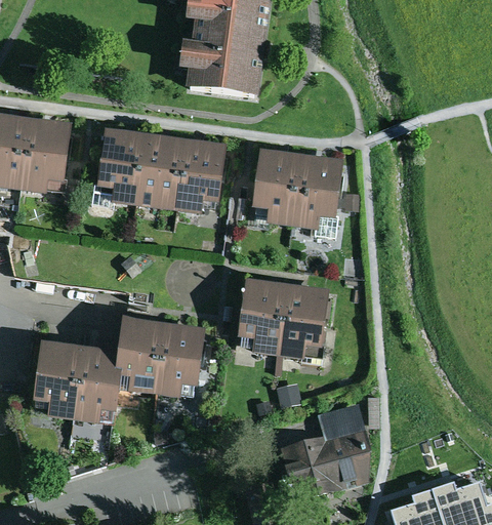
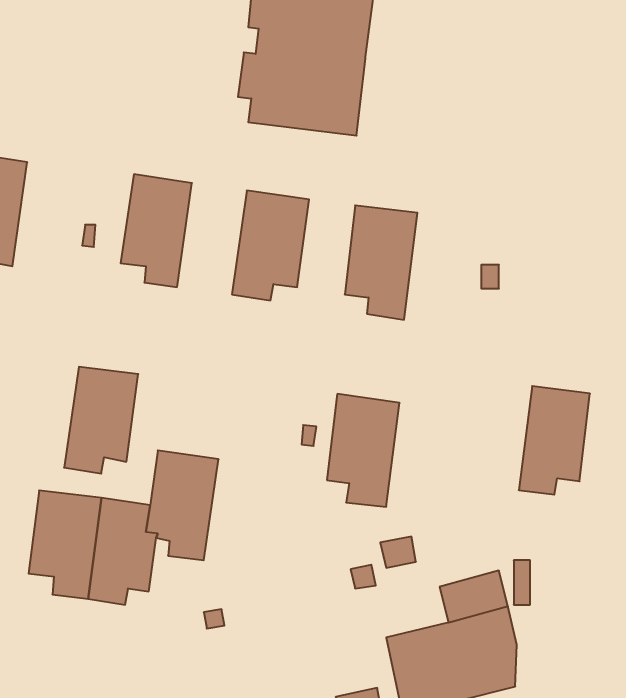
building: [22,118,73,193] -> none
building: [135,132,183,209] -> none
building: [292,153,343,230] -> none
building: [280,284,329,359] -> [519,386,590,495]
building: [154,323,205,397] -> [64,367,138,474]

